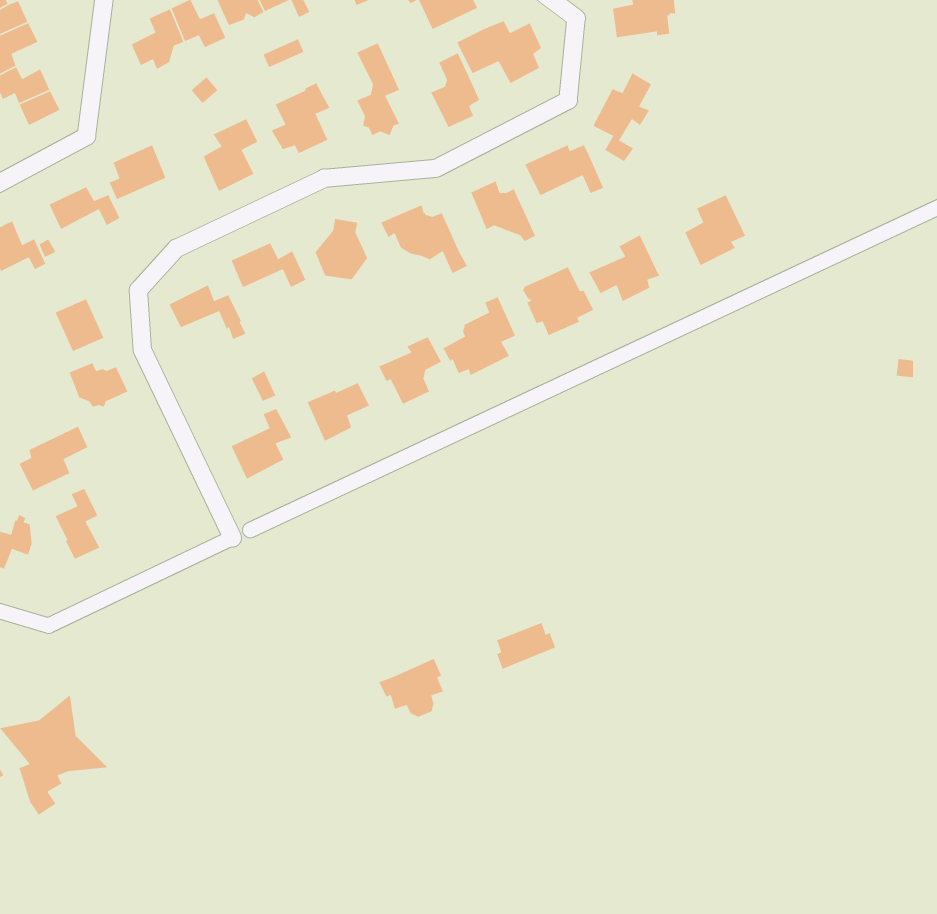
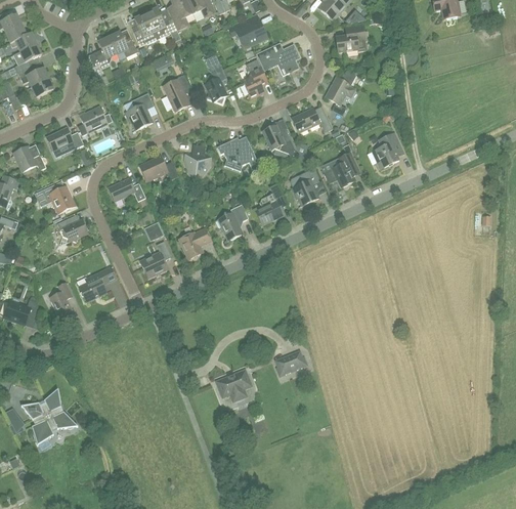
building: [19,426,88,492] -> [79,266,115,300]

